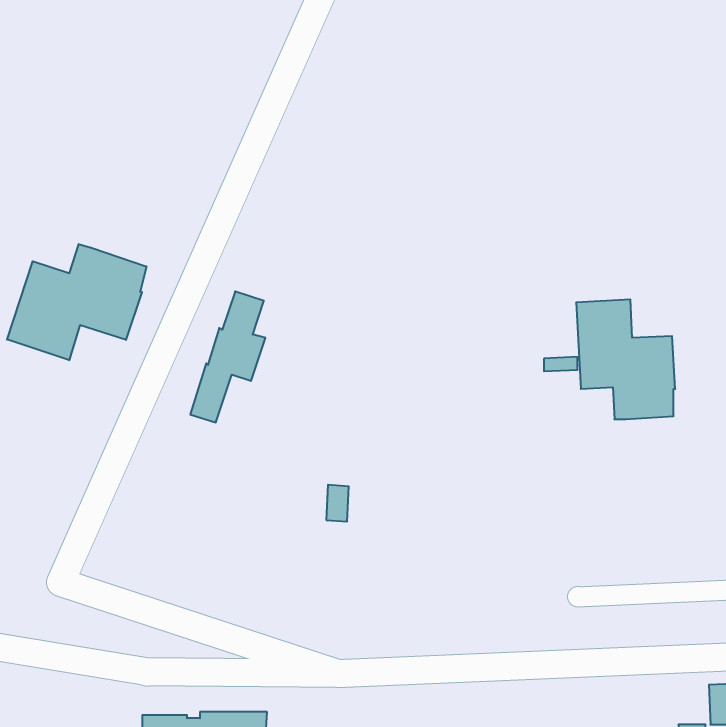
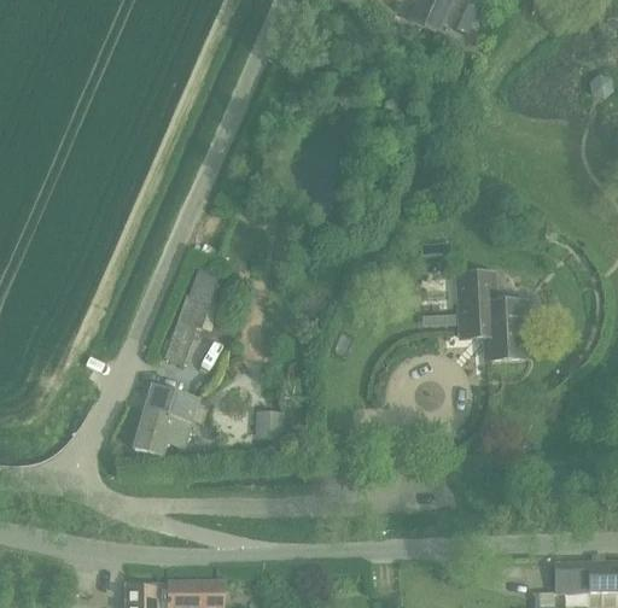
building: [7,244,146,360] -> none
building: none -> [134,385,198,455]

